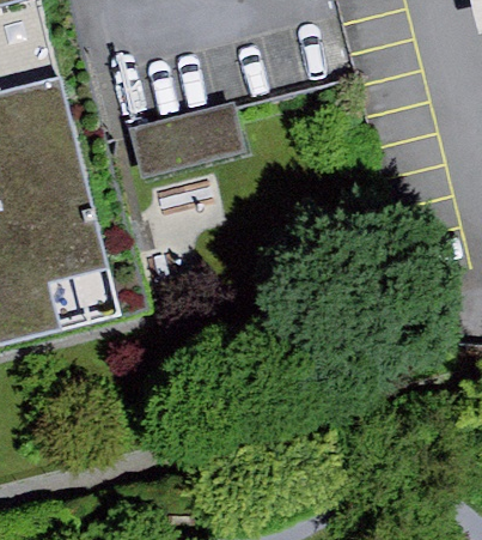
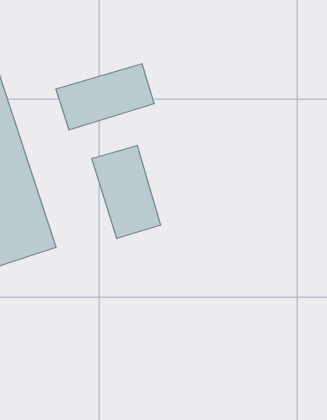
building: none -> [92,145,161,239]

